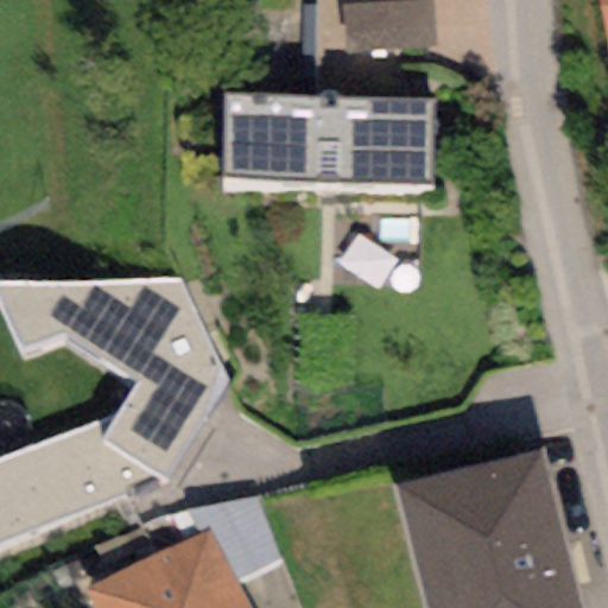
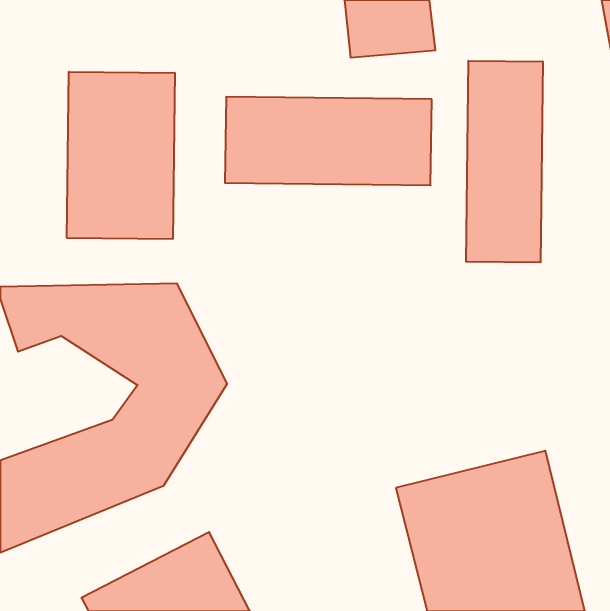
building: none -> [466,61,543,262]
building: none -> [67,72,175,239]

